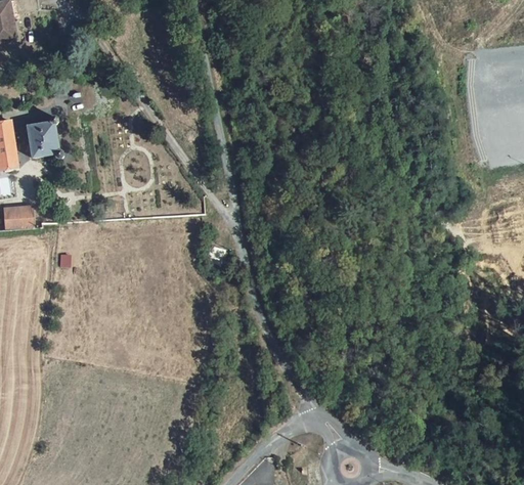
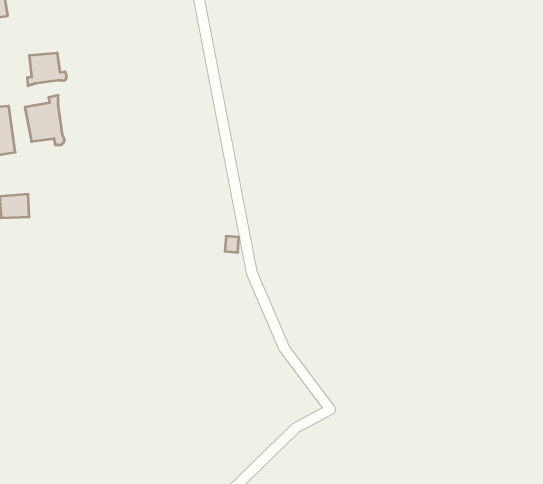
building: none -> [27,53,67,86]

